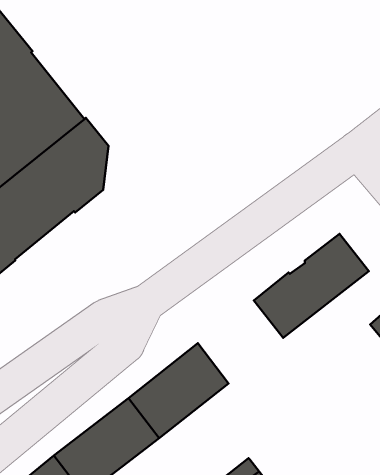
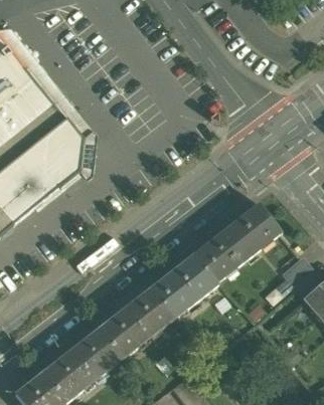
building: none -> [152,254,218,317]

